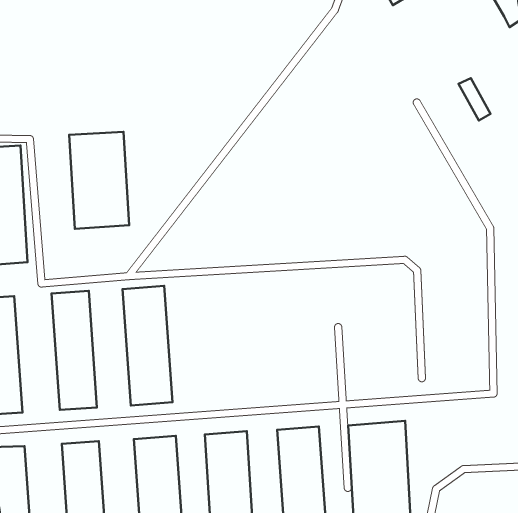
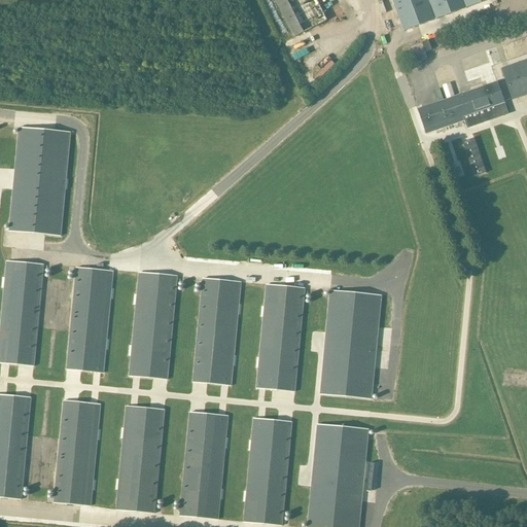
building: none -> [417,80,508,132]
building: [69,132,129,229] -> none
building: none -> [320,289,380,397]
building: none -> [257,283,304,390]
building: none -> [194,277,240,384]

